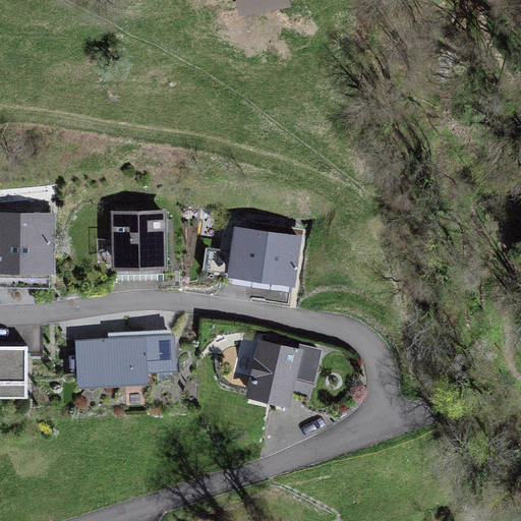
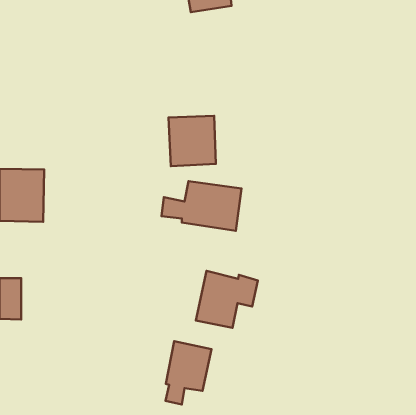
building: [109,209,168,272] -> [168,116,216,166]
building: [74,334,175,388] -> none
building: none -> [166,341,212,405]

